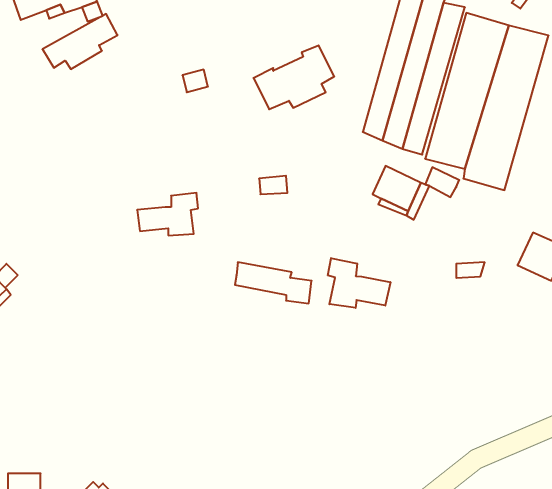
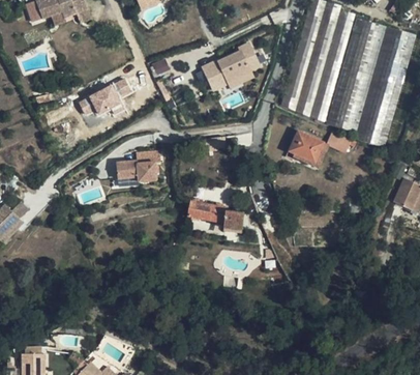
building: [42,14,118,69] -> [78,77,132,117]
building: [328,258,390,308] -> none

